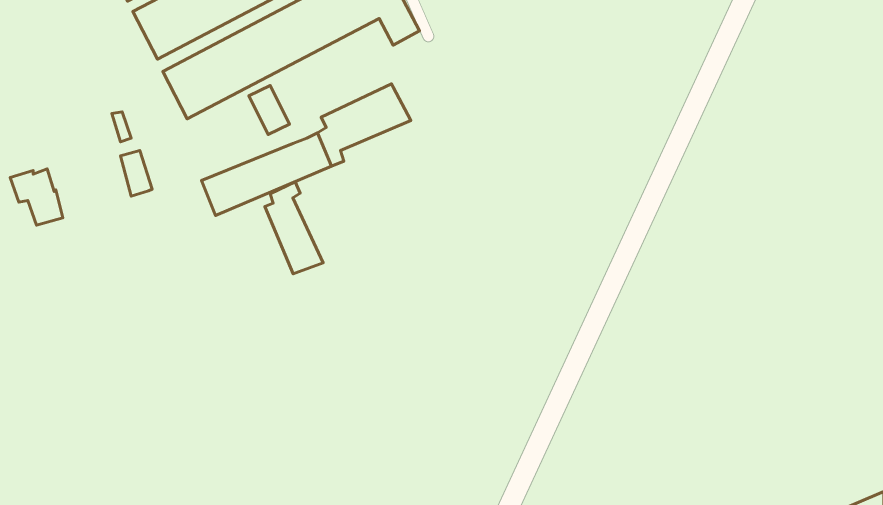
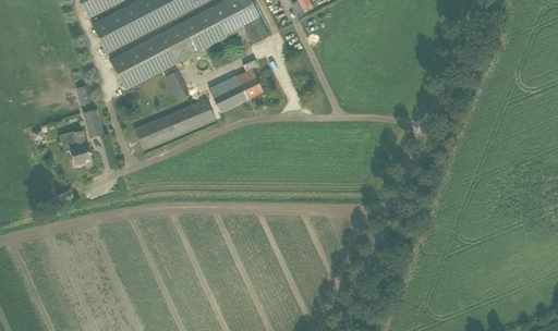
building: [10,169,63,225] -> [59,131,92,166]
building: [265,182,323,274] -> none

